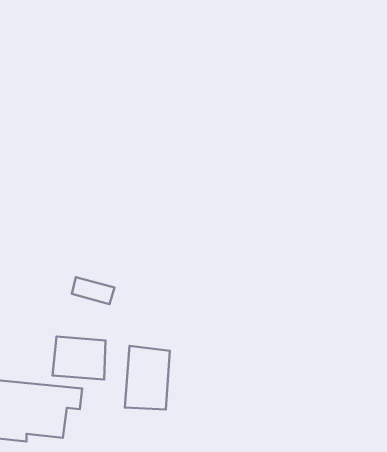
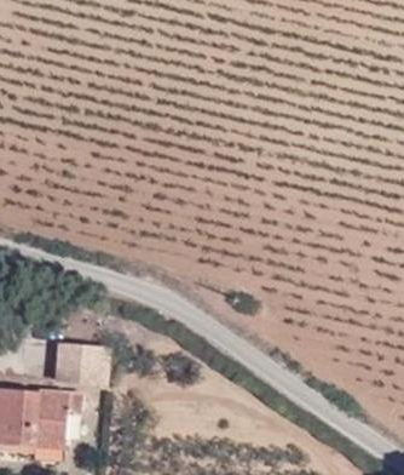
building: [125,346,170,409] -> none

